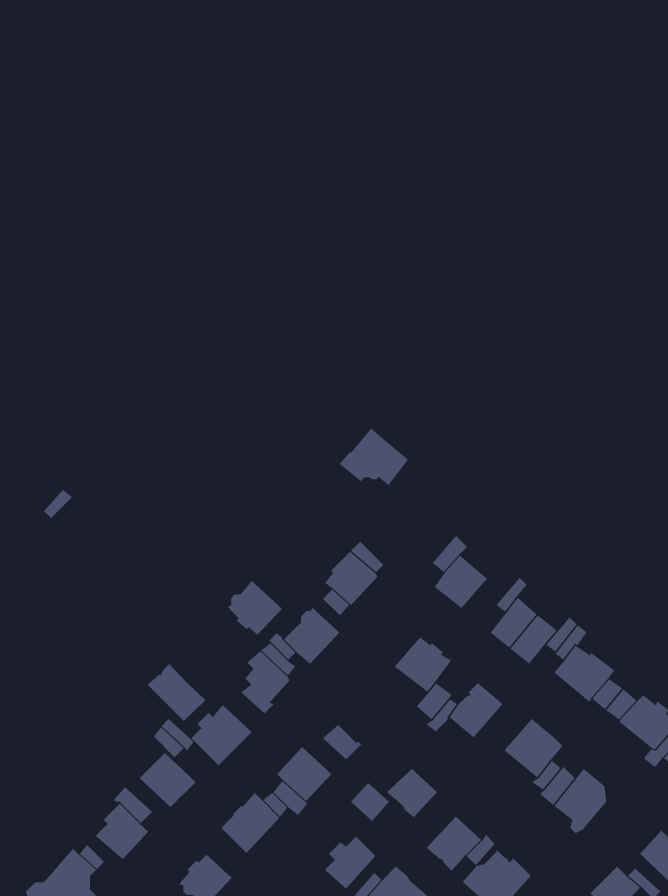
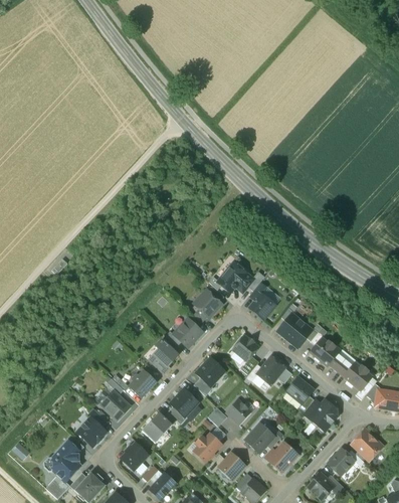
building: [339,428,409,486] -> [217,263,252,292]
building: [227,580,283,635] -> none
building: [147,663,206,722] -> none
building: none -> [196,357,224,386]

